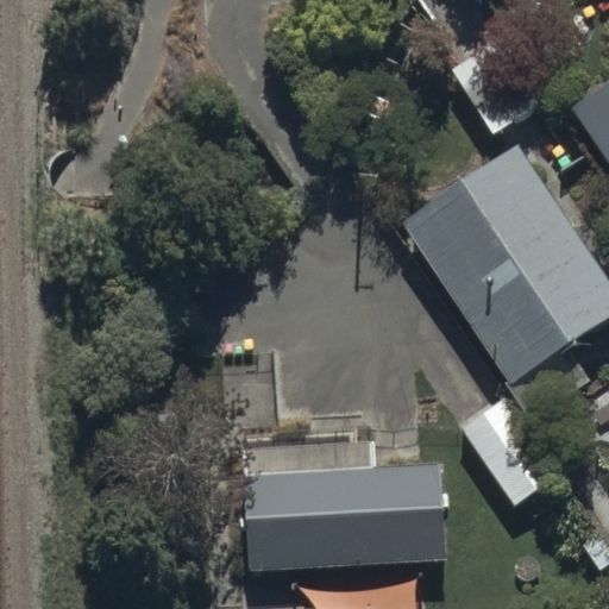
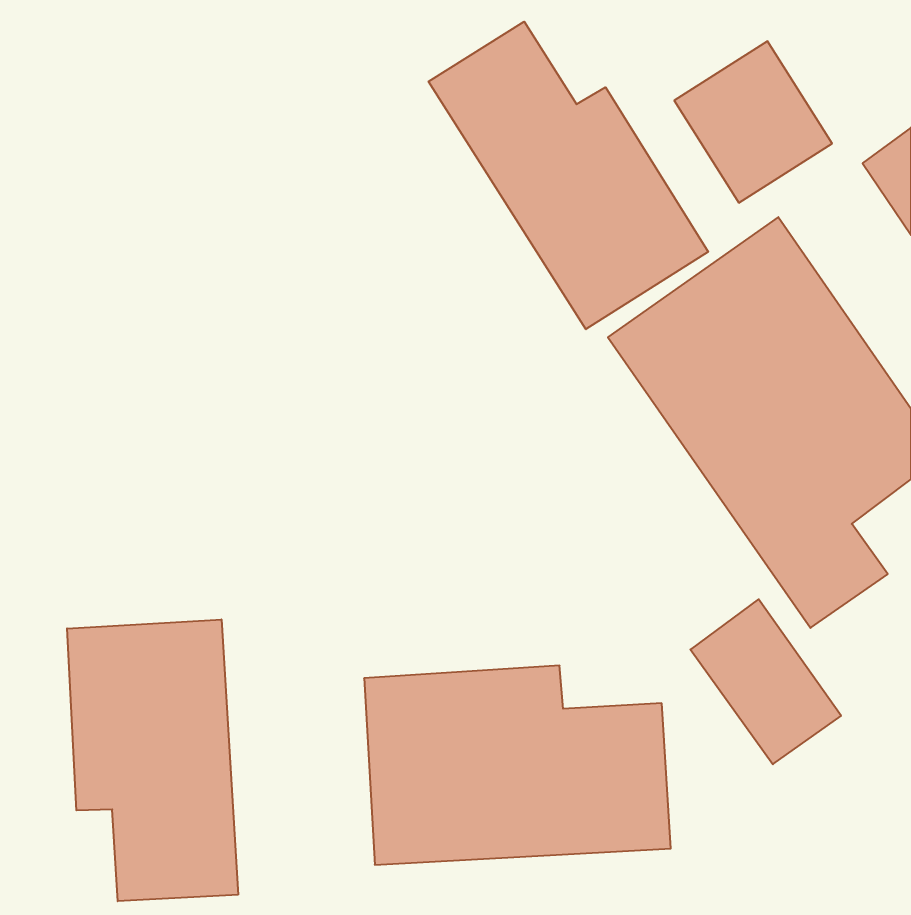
building: none -> [429,22,708,329]
building: none -> [67,619,238,901]

